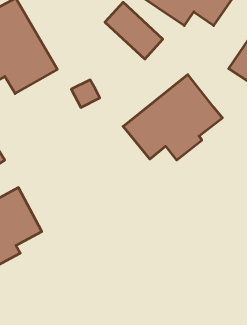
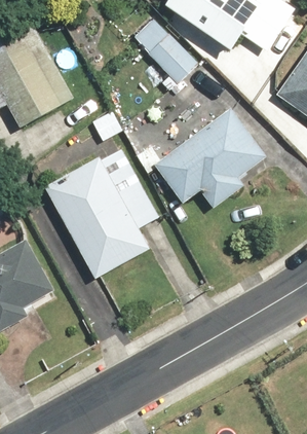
building: none -> [47,148,158,274]

